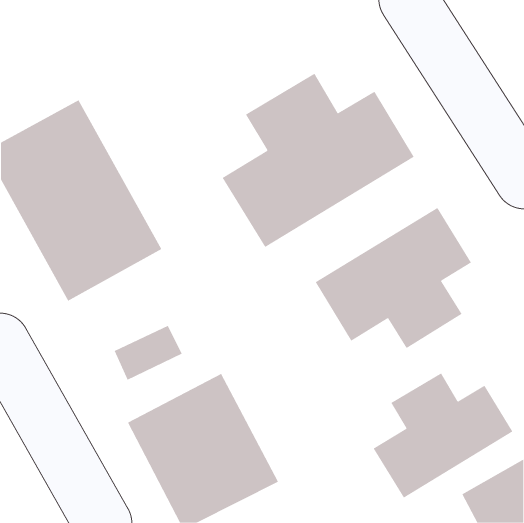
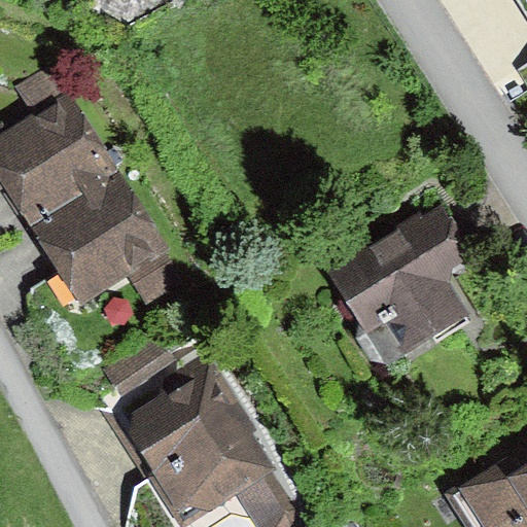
building: [222,73,414,248] -> none
building: [373,372,513,499] -> none

